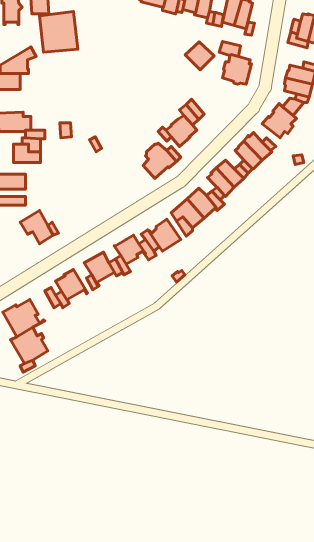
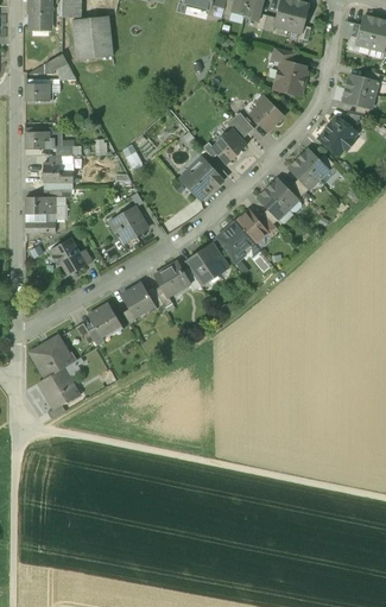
building: [185,42,214,70] -> [251,100,283,131]
building: none -> [108,207,146,241]

